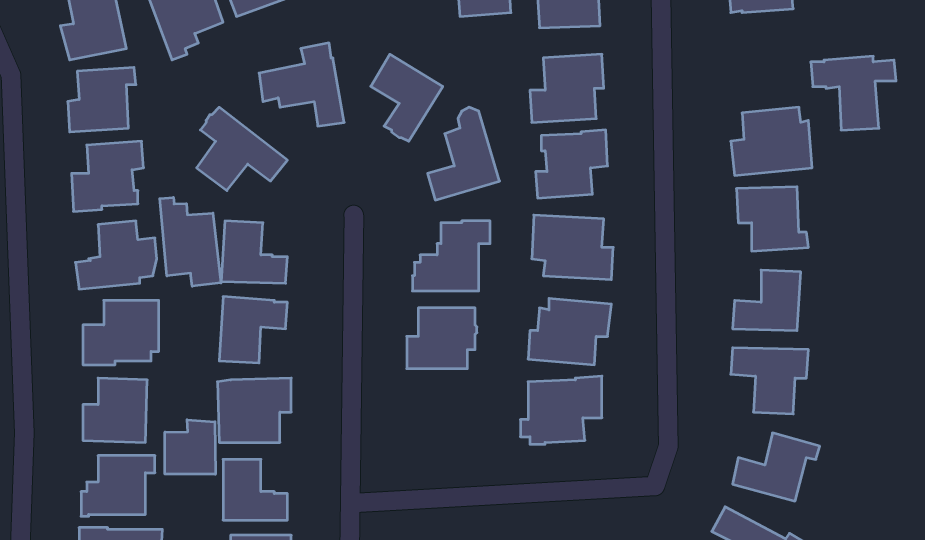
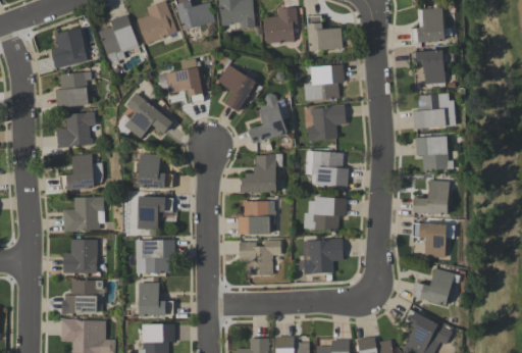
building: [811,56,896,130] -> [409,49,455,89]
building: [160,197,221,286] -> none
building: none -> [239,241,281,275]
building: [165,420,215,474] -> none

